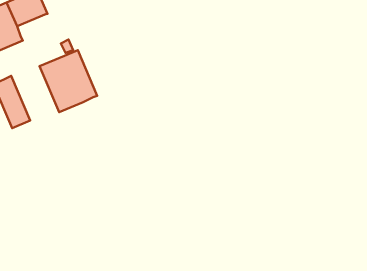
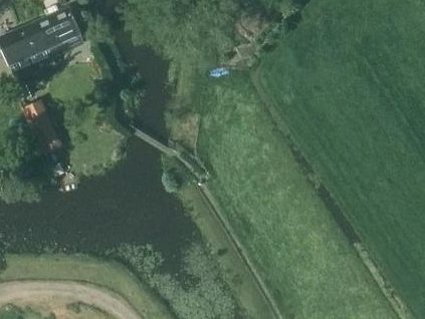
building: [40,50,97,112] -> none

